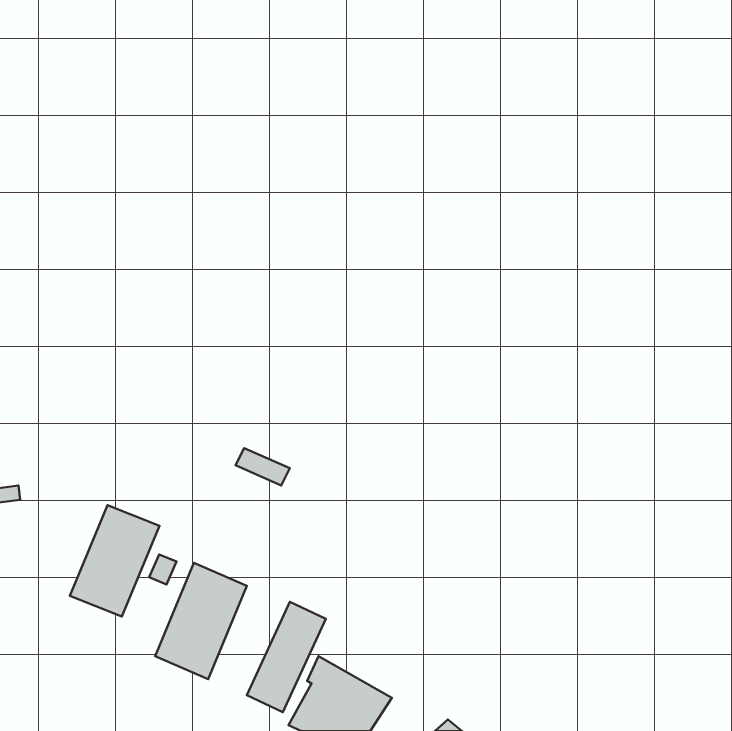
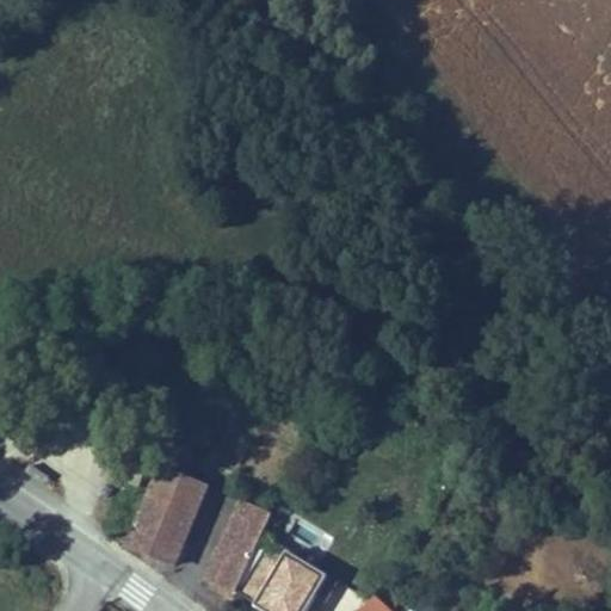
building: [70,505,159,617] -> none

